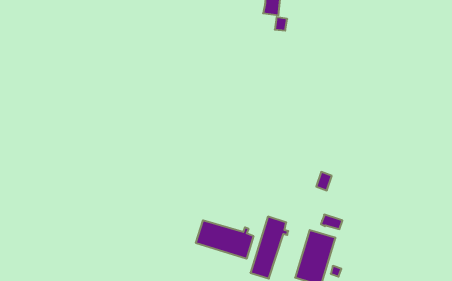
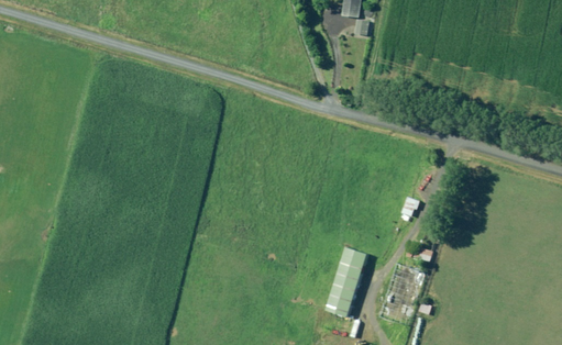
building: [196,220,253,259] -> none

